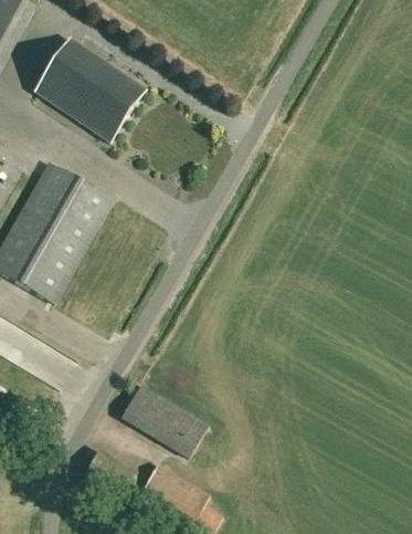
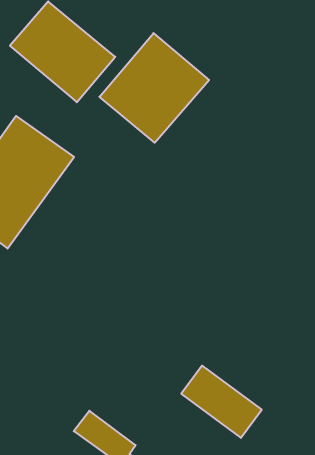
building: none -> [99,33,209,143]
building: [119,385,205,457] -> [181,366,262,438]

